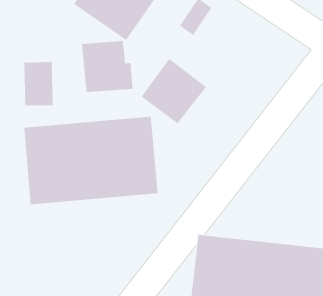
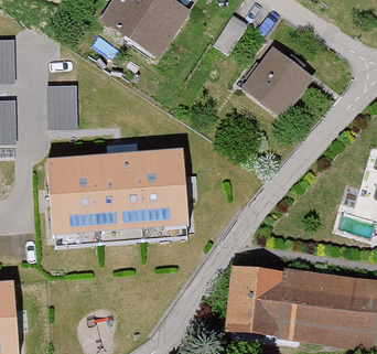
building: [82,40,133,93] -> none
building: [141,58,207,124] -> [243,44,313,115]

